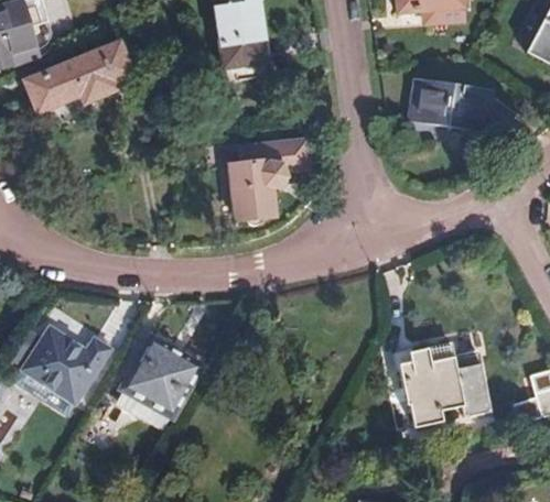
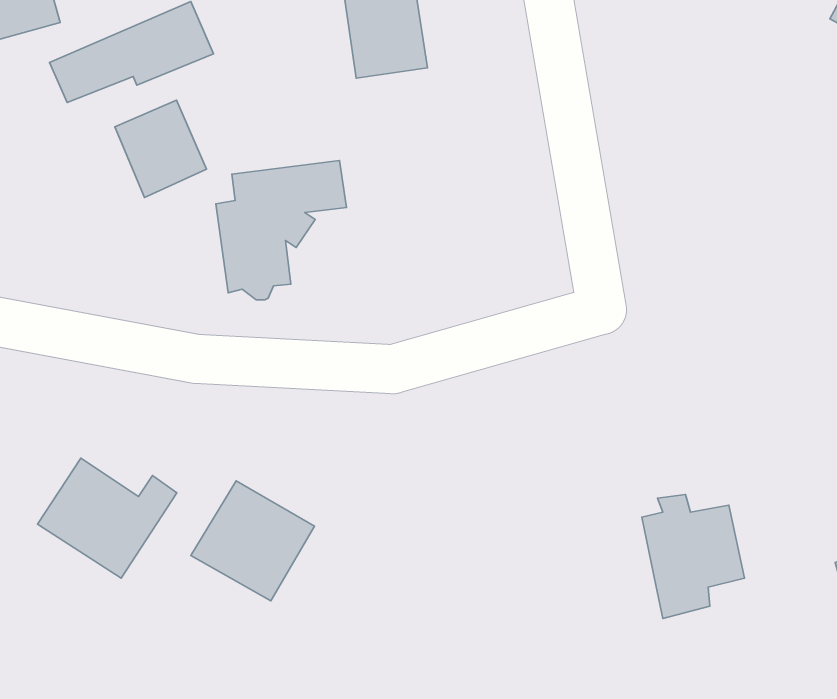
building: [406,78,489,134] -> none
building: none -> [115,100,206,197]
building: [226,133,309,221] -> [216,160,347,300]

